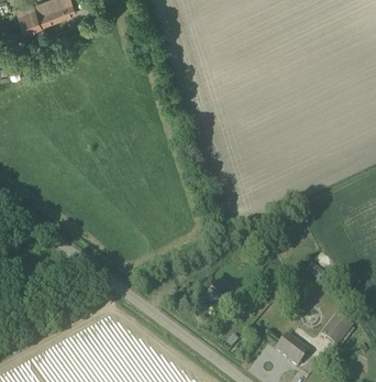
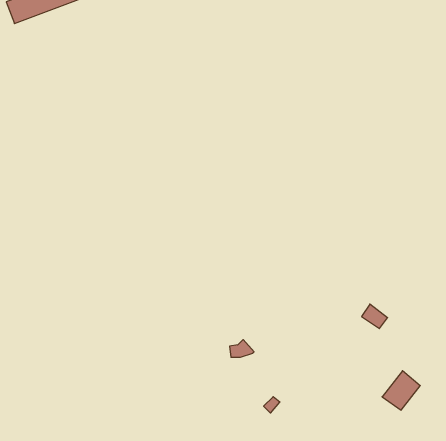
building: [277,334,310,365] -> none

